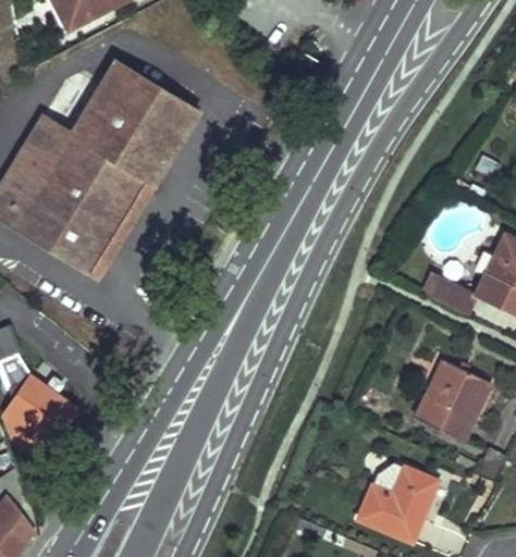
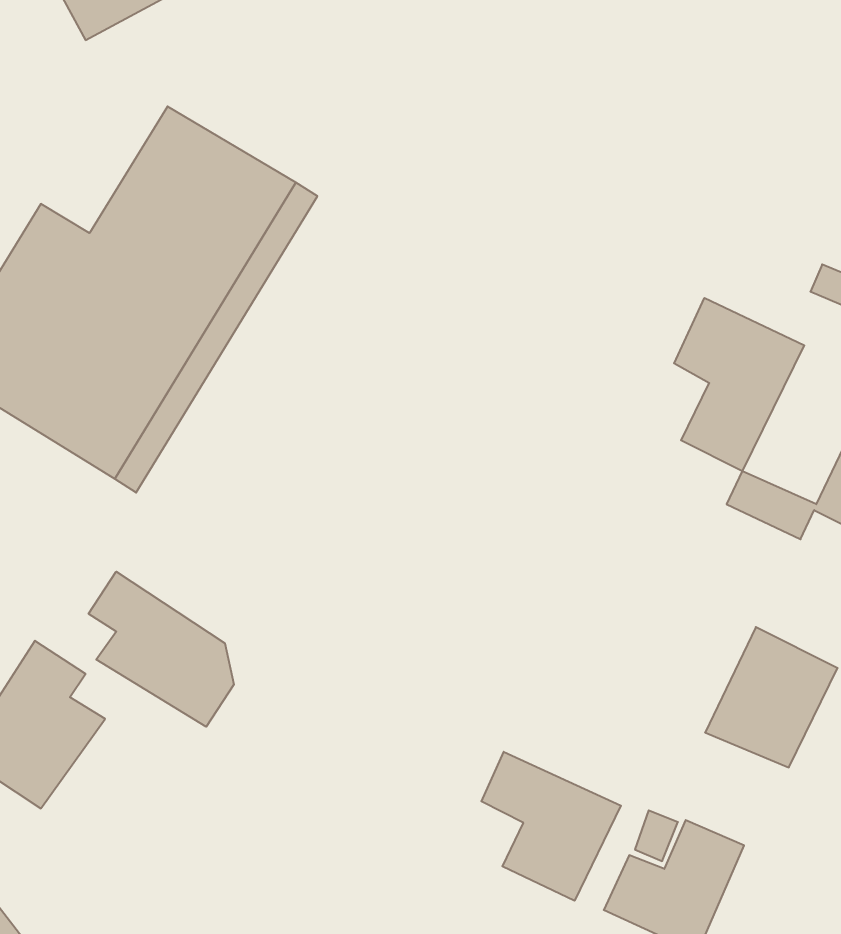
building: none -> [674,298,804,471]
building: none -> [89,572,234,727]
building: none -> [481,752,621,901]

